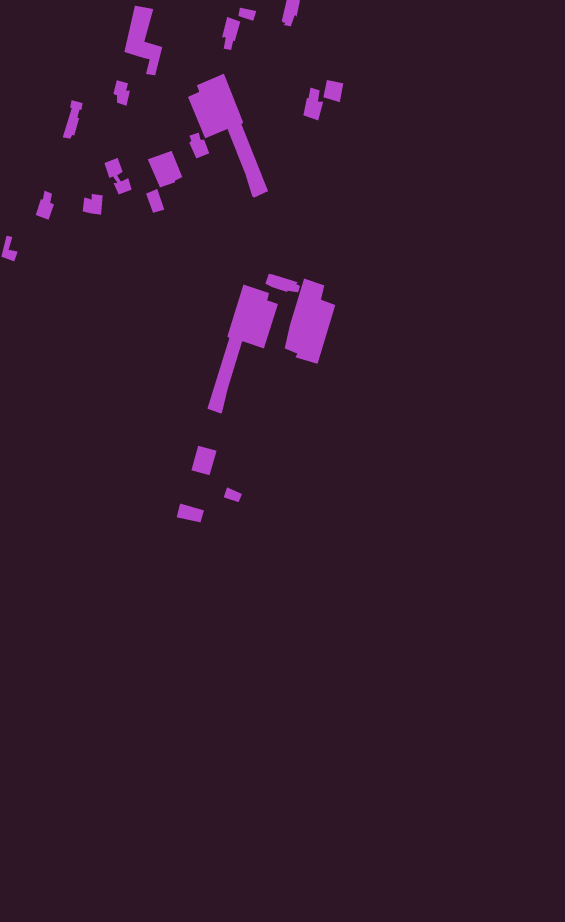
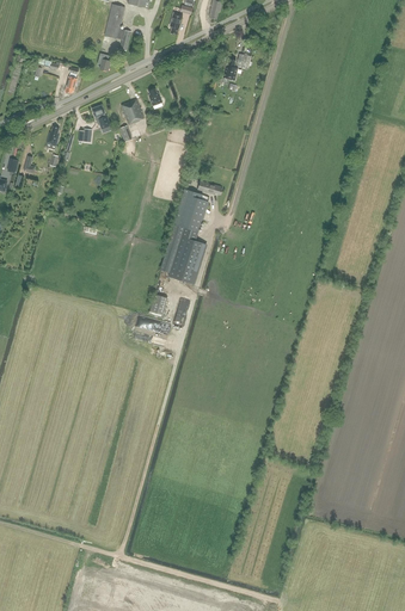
building: [187,73,269,198] -> none
building: [284,278,336,365] -> [170,226,204,283]

